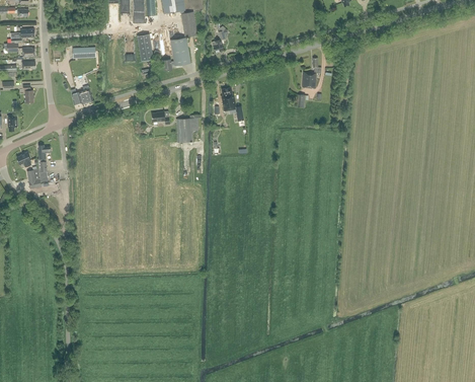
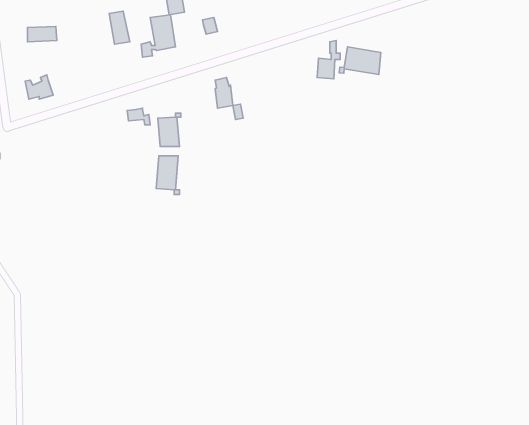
building: none -> [339,47,381,75]
building: none -> [156,156,179,194]

